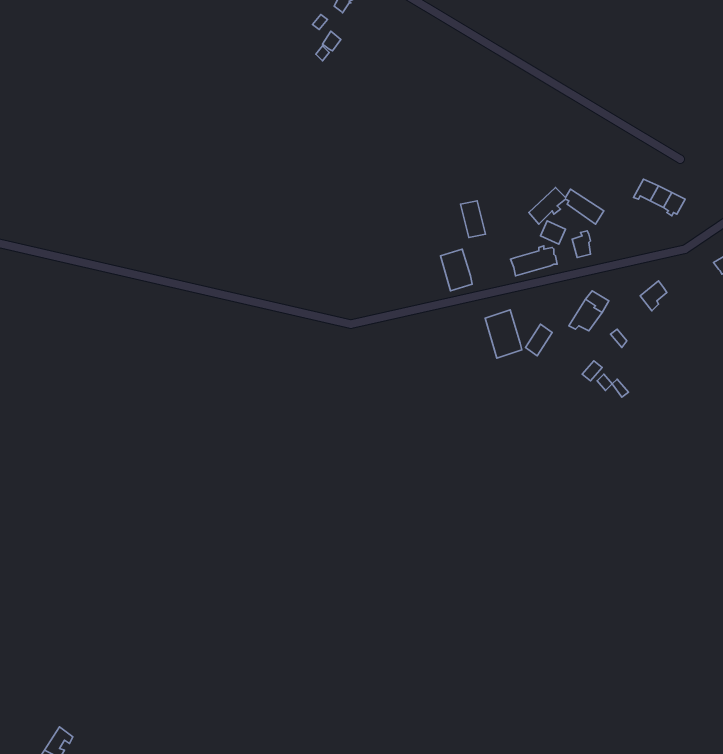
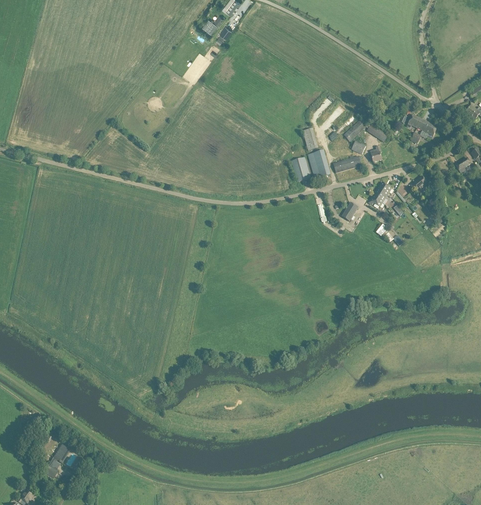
building: [485,310,522,358] -> [307,150,329,179]

